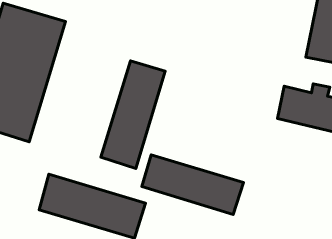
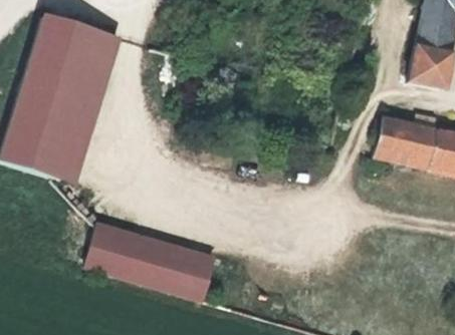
building: [101,61,165,168] -> none
building: [142,155,244,215] -> none

